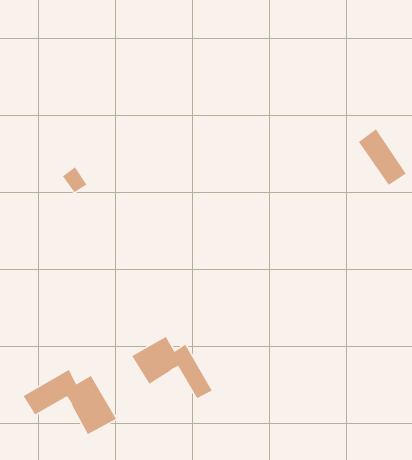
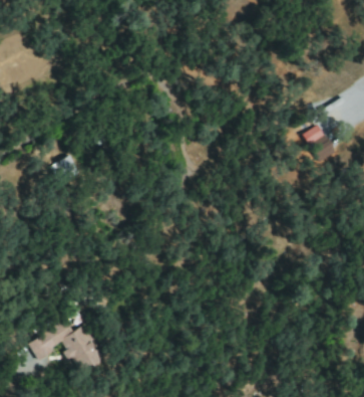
building: [131,336,213,399] -> none

